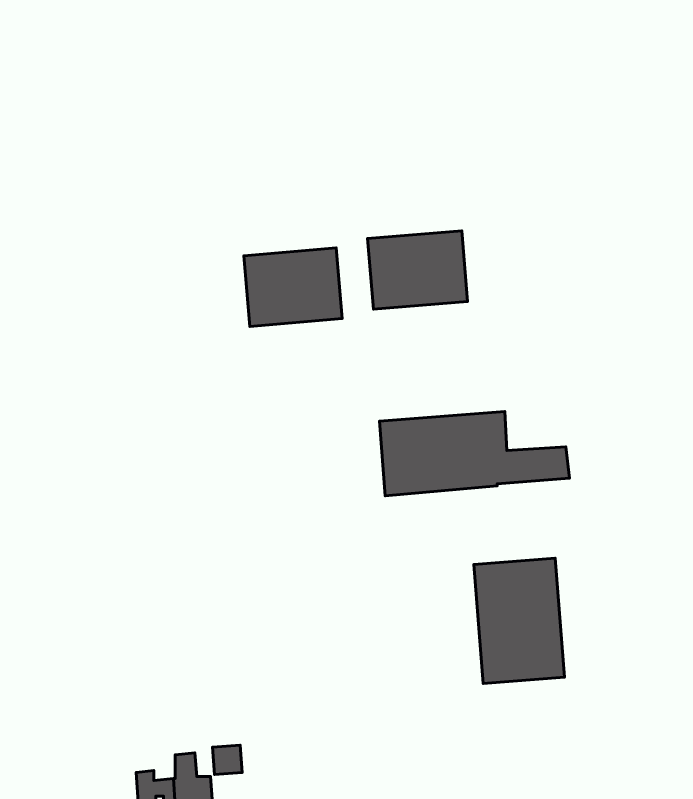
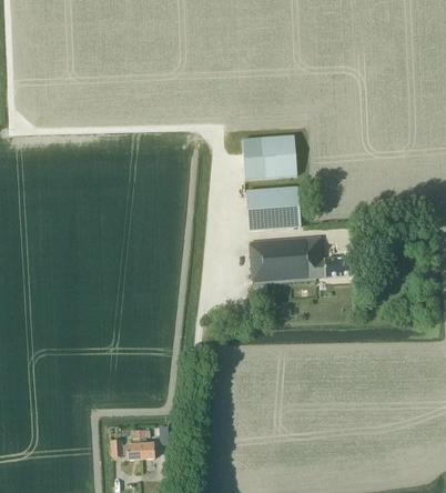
building: [244,248,342,326] -> [246,185,302,230]
building: [474,558,564,684] -> none

